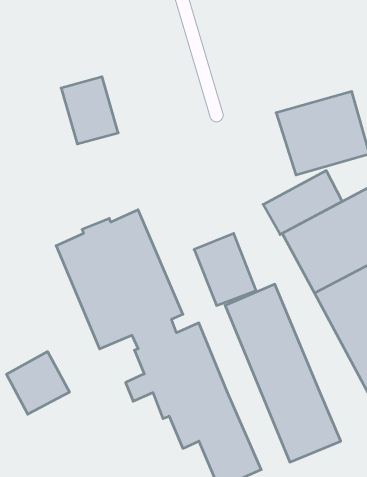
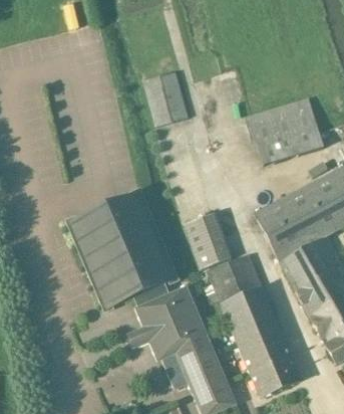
building: [61,77,118,144] -> [142,71,189,126]
building: [263,171,342,235] -> none
building: [7,352,69,414] -> none

